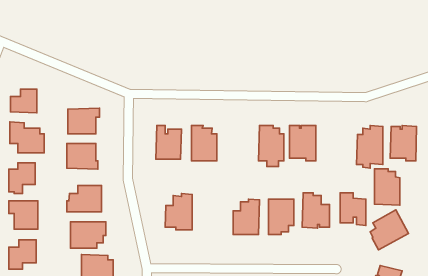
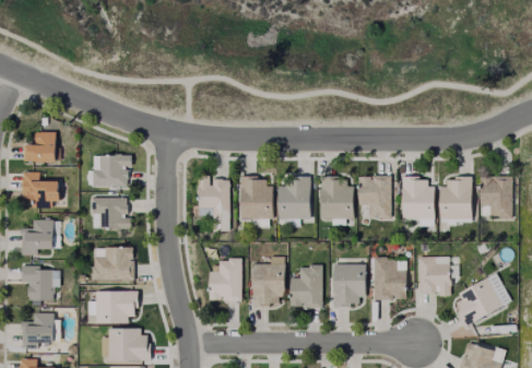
building: none -> [279,179,309,218]
building: [375,169,400,205] -> [402,176,433,219]
building: none -> [252,264,284,307]

